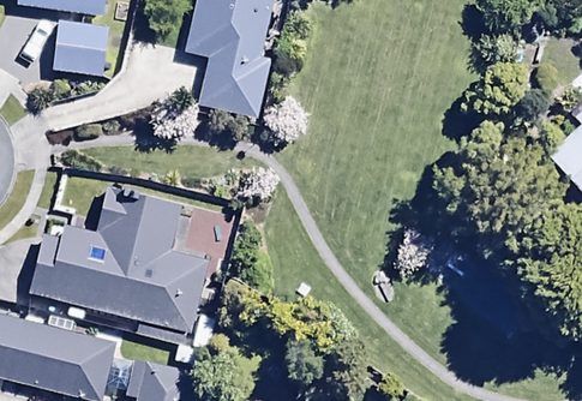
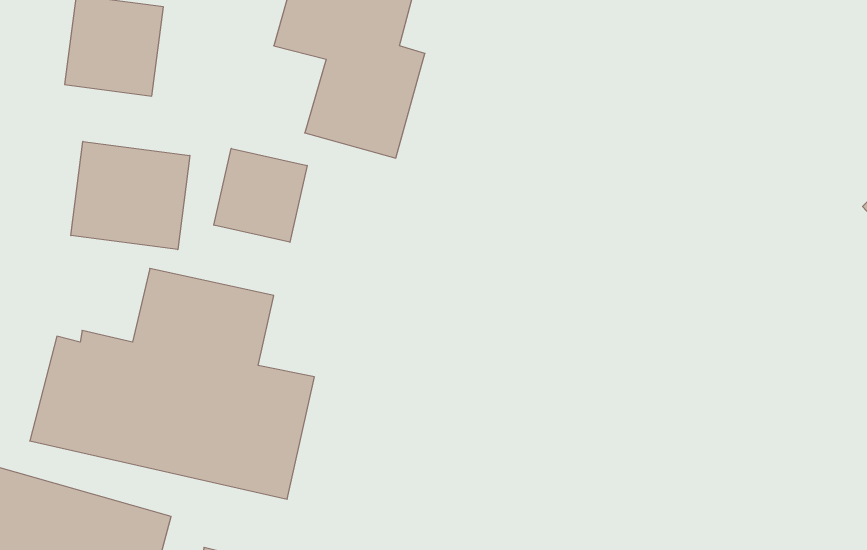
building: none -> [71,141,190,250]
building: none -> [214,148,307,242]

